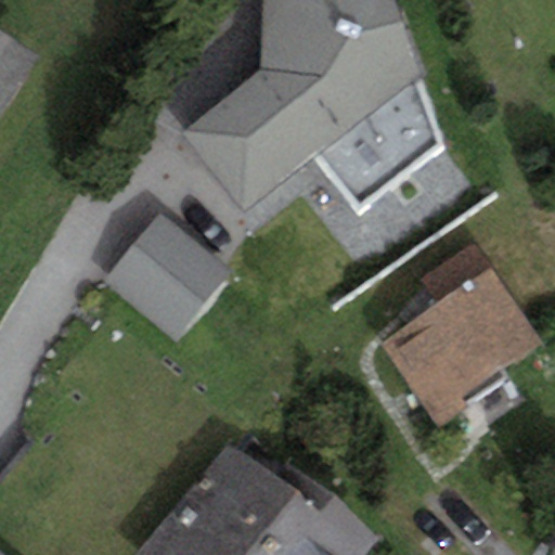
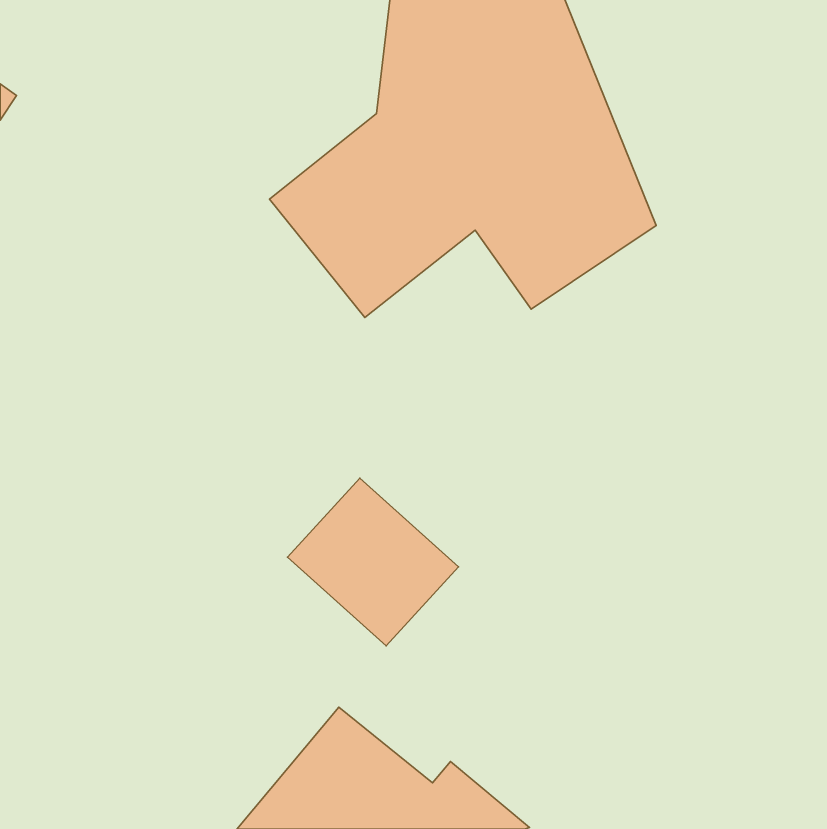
building: [112,219,224,330] -> [287,478,458,646]
building: [383,272,531,412] -> none

